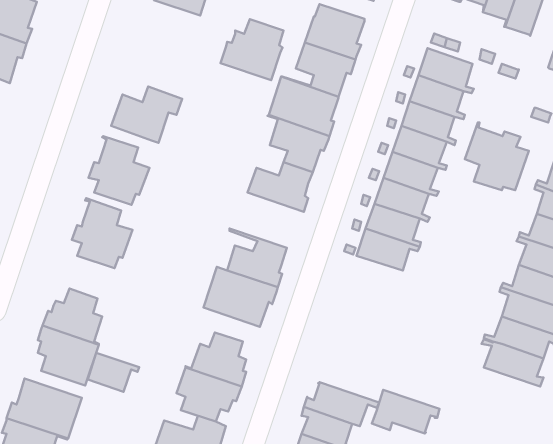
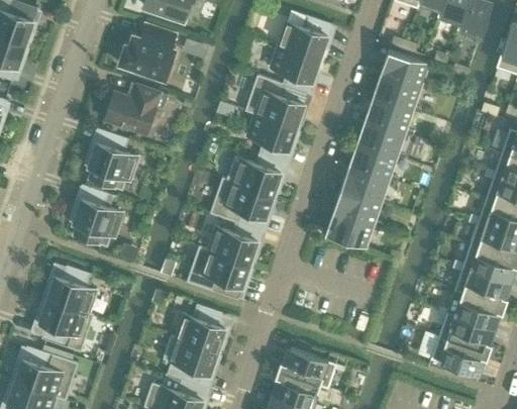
building: [221,19,284,80] -> [119,24,176,79]
building: [465,122,529,190] -> none
building: none -> [210,177,277,228]
building: [88,353,139,392] -> none
building: [372,390,439,434] -> [428,335,489,375]

